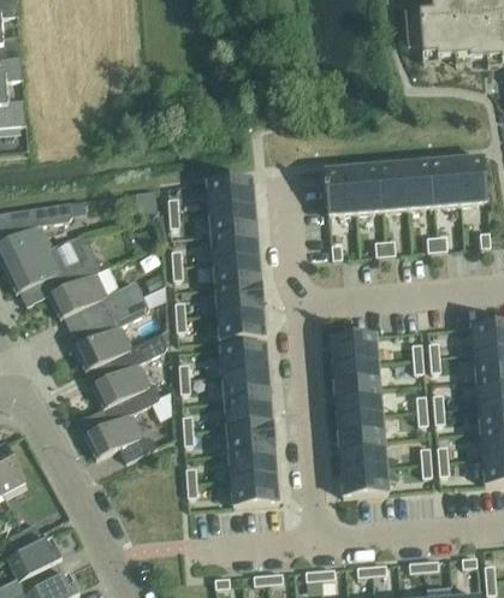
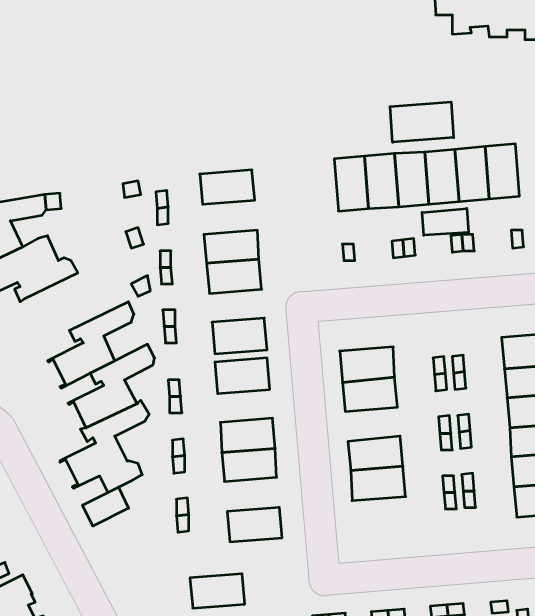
building: none -> [390,102,454,142]
building: [209,206,257,236] -> none
building: none -> [422,208,469,235]
building: [53,270,144,320] -> none
building: [215,284,263,313] -> none
building: [223,372,271,401] -> none
building: [334,387,383,418] -> none
building: [229,449,277,479] -> [190,574,245,608]
building: none -> [83,487,129,526]
building: [340,466,389,496] -> none

